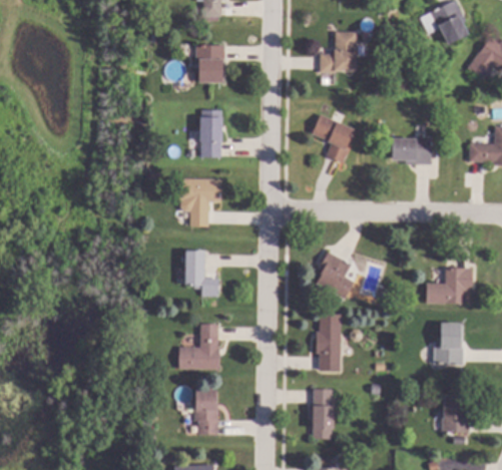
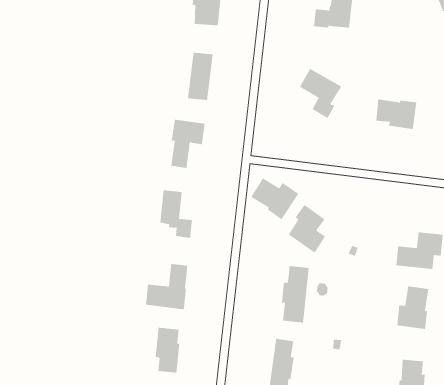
building: none -> [250,177,299,220]

